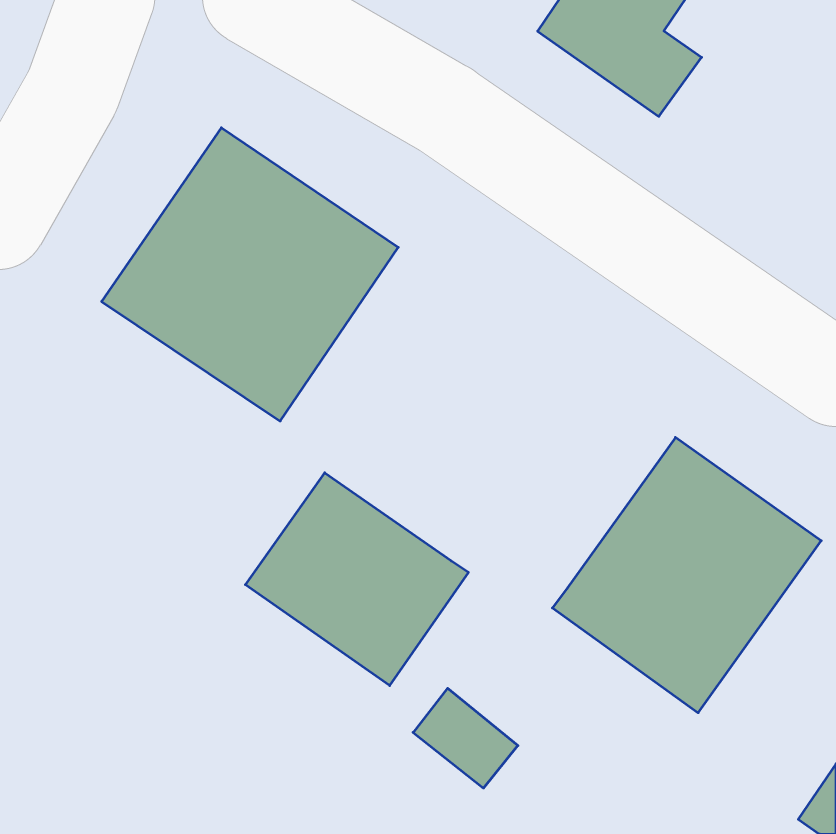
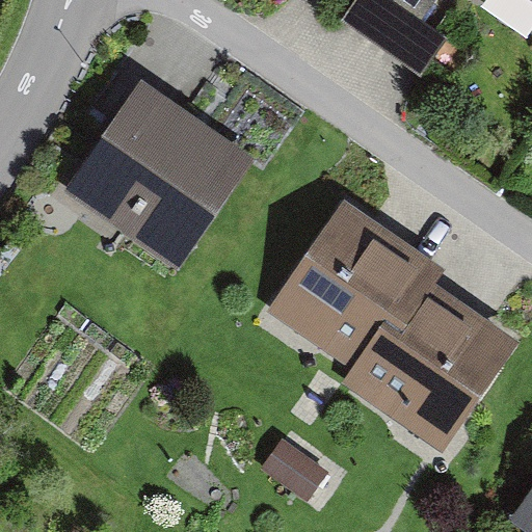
building: none -> [267,201,436,373]
building: [245,473,468,686] -> none

